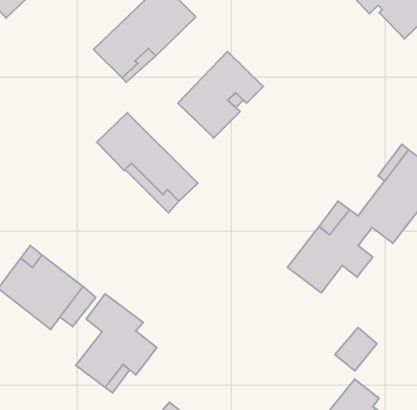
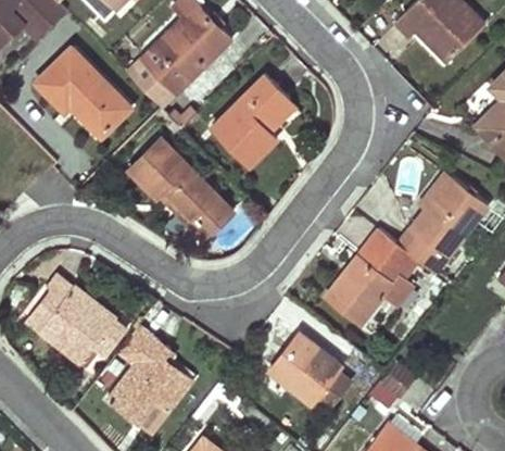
building: none -> [35,49,129,136]
building: none -> [269,334,349,410]

